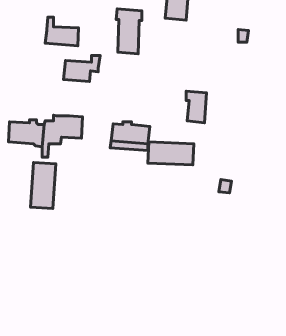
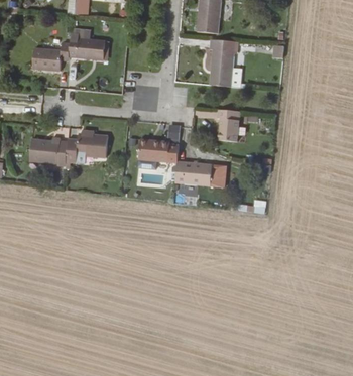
building: [116,9,142,54] -> [209,37,236,85]
building: [64,56,100,81] -> [33,43,72,71]
building: [31,163,56,209] -> none

